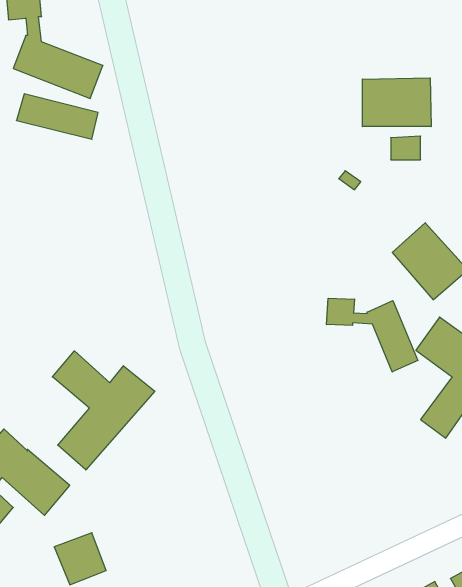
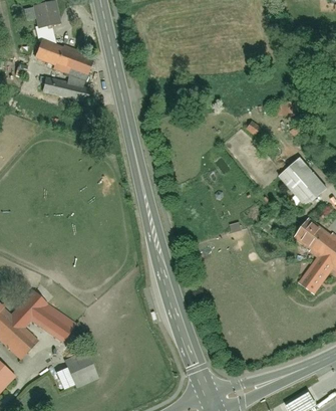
building: [362,78,431,127] -> none
building: [327,298,418,372] -> none
building: [52,351,155,470] -> none

